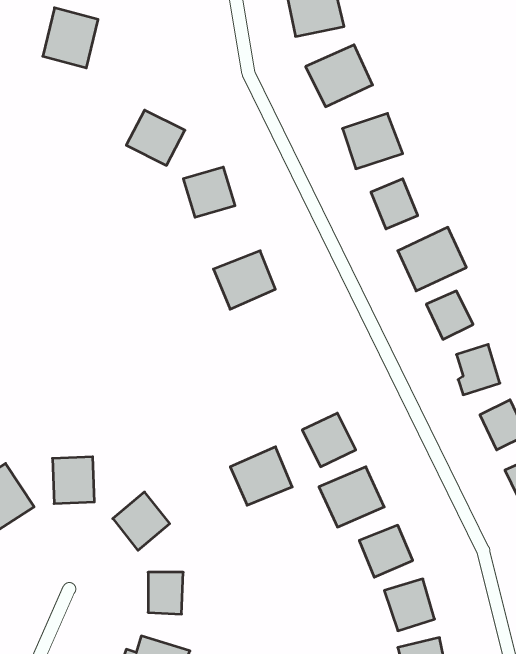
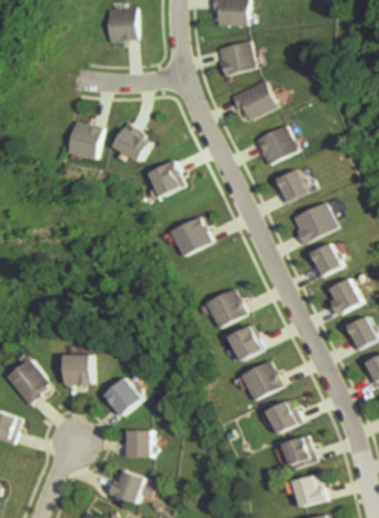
building: [43,8,98,68] -> [66,119,102,159]
building: [230,447,292,505] -> [205,288,246,327]

